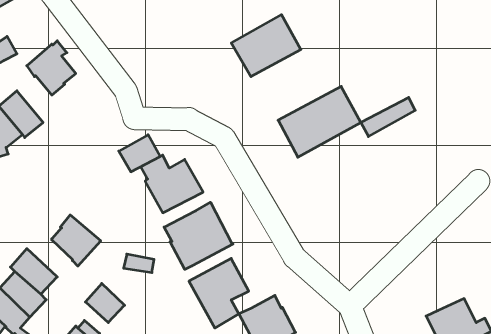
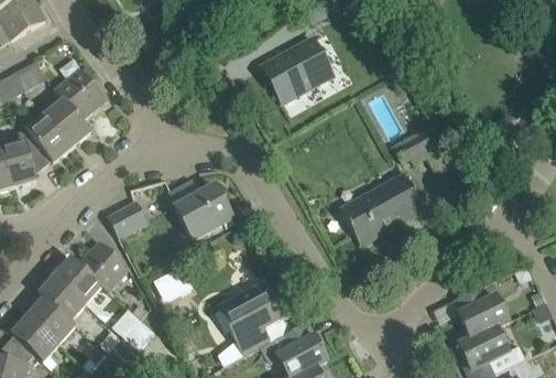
building: none -> [44,100,89,148]
building: [278,86,361,157] -> [339,173,423,245]
building: [119,135,160,172] -> [106,201,148,238]
building: [164,202,233,269] -> none
building: none -> [54,257,100,304]
building: none -> [455,287,508,338]

